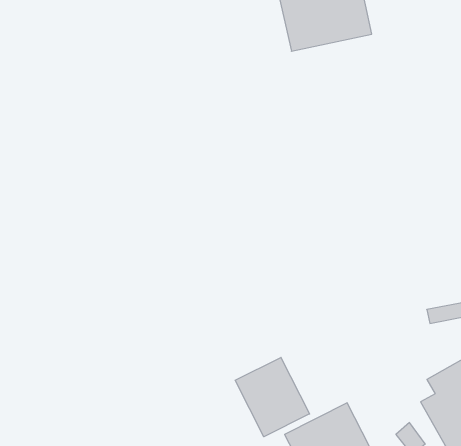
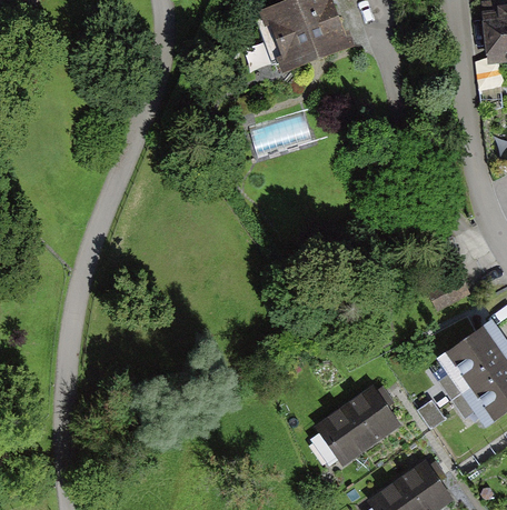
building: [235,357,310,437] -> none

